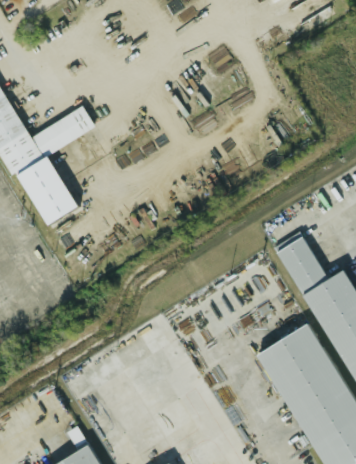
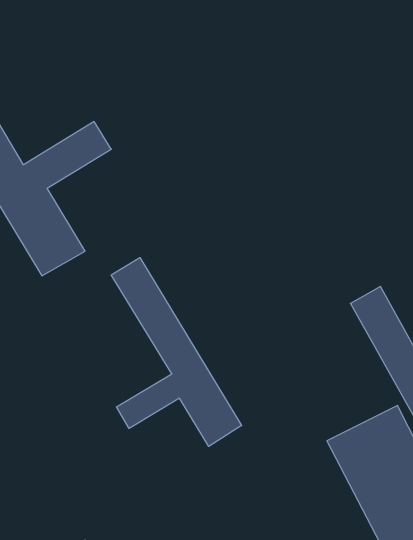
building: none -> [111,258,242,446]

